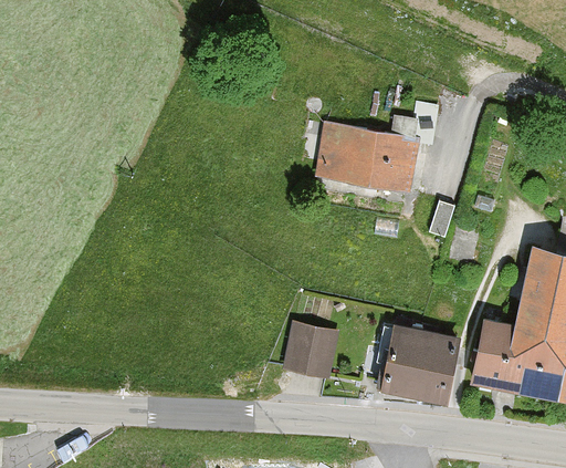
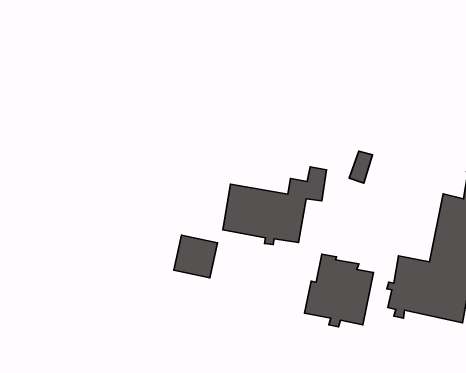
building: [318,103,437,191] -> [223,167,327,244]
building: [286,323,336,372] -> [174,235,217,278]

